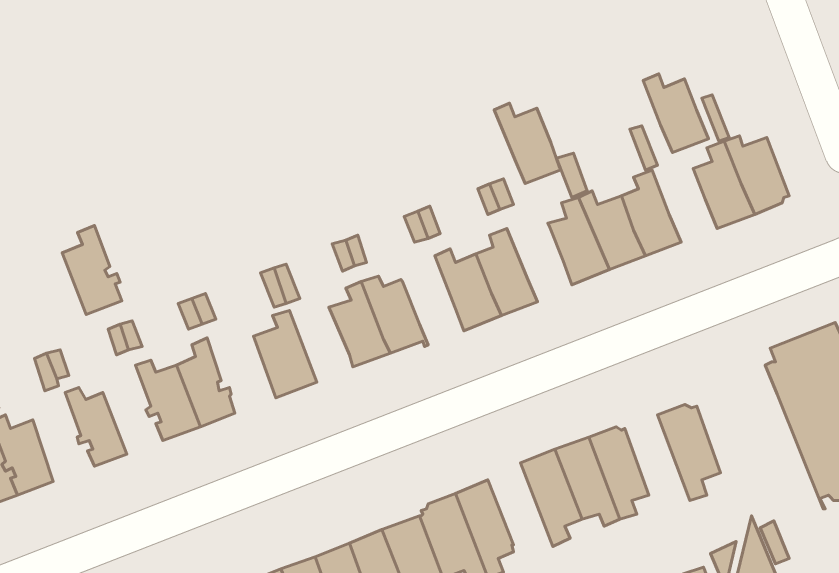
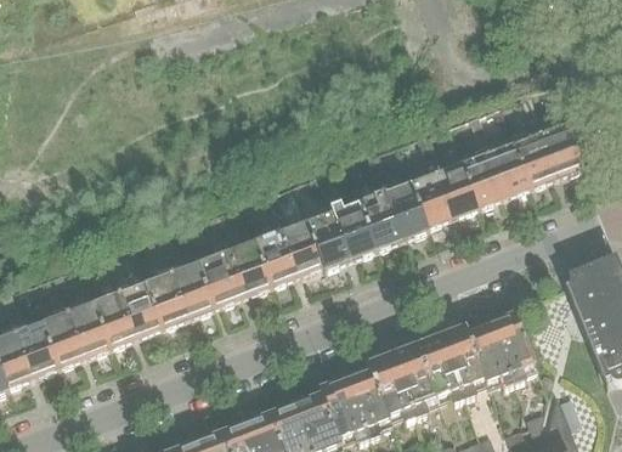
building: [643,74,708,152] -> [485,142,531,198]
building: [494,103,561,184] -> [381,183,429,241]
building: [62,226,122,315] -> [95,286,137,349]
building: none -> [307,208,351,271]
building: none -> [227,242,272,298]
building: none -> [169,262,217,320]
building: none -> [45,305,89,368]
building: none -> [465,321,511,386]
building: none -> [368,355,414,418]

